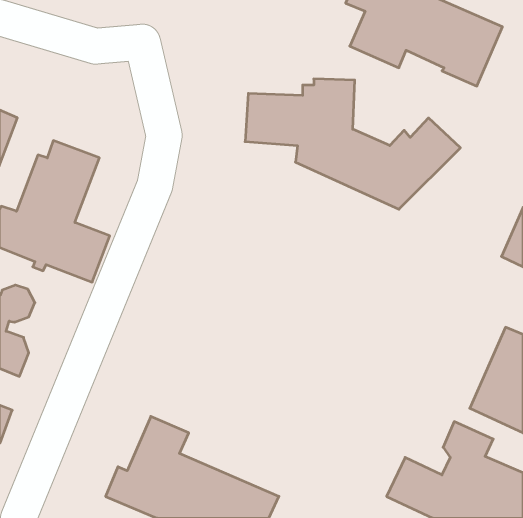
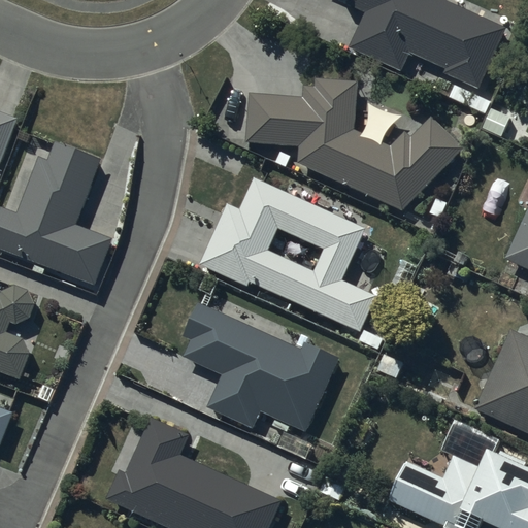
building: none -> [199,177,375,332]
building: none -> [183,303,339,432]

